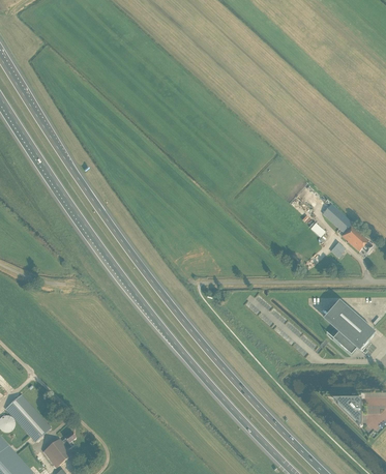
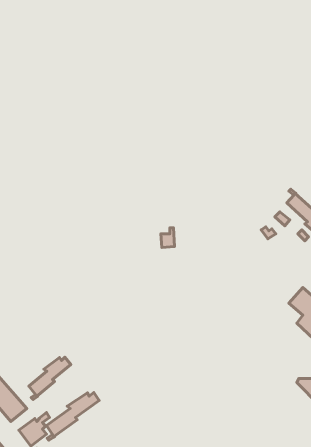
building: none -> [29,357,71,400]
building: none -> [46,393,99,440]

